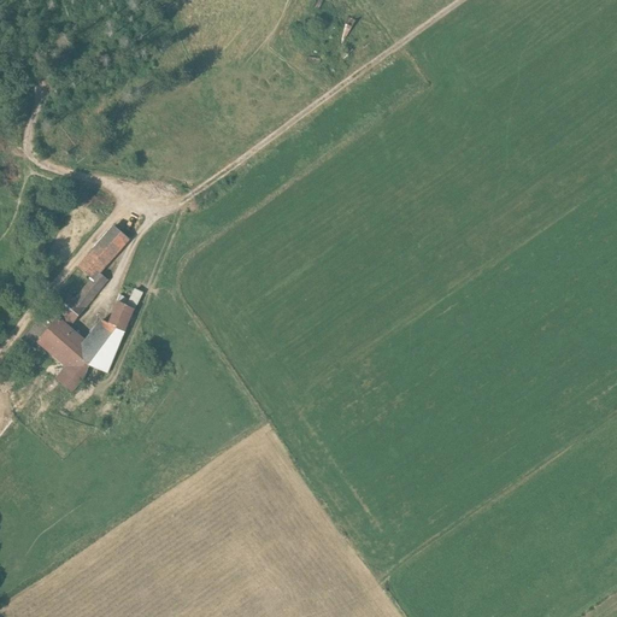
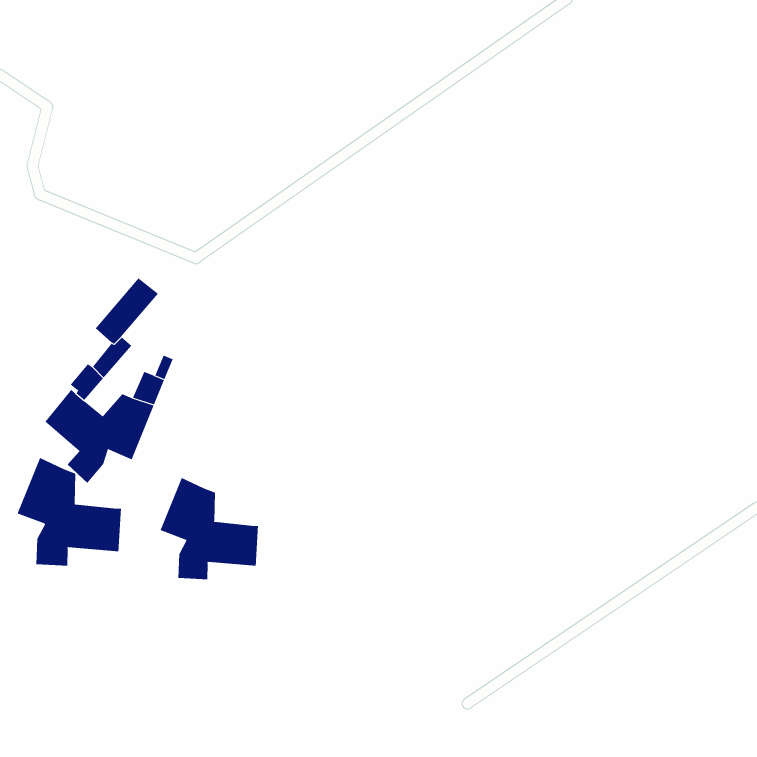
building: none -> [17,457,121,567]
building: none -> [160,477,258,580]

